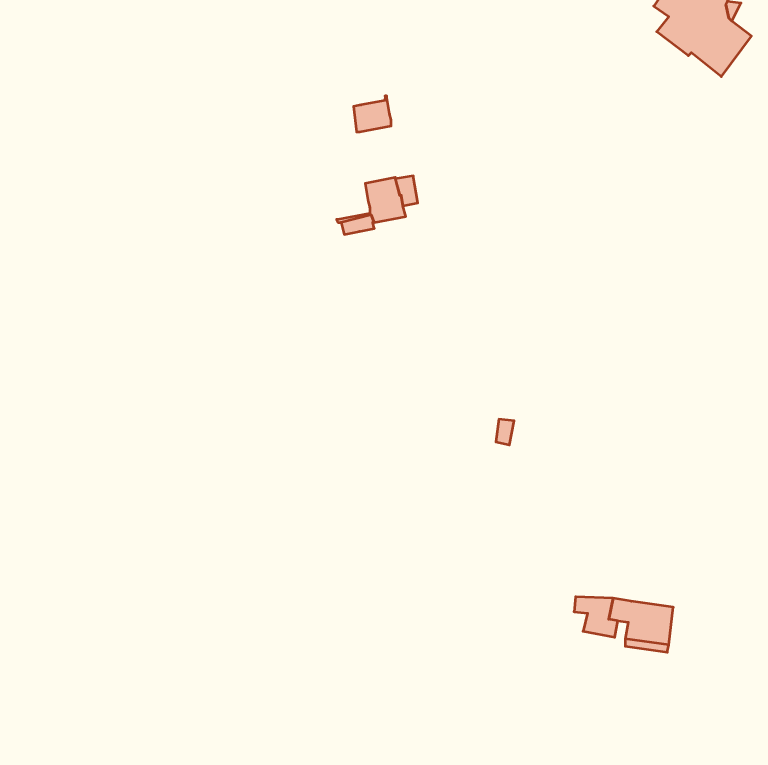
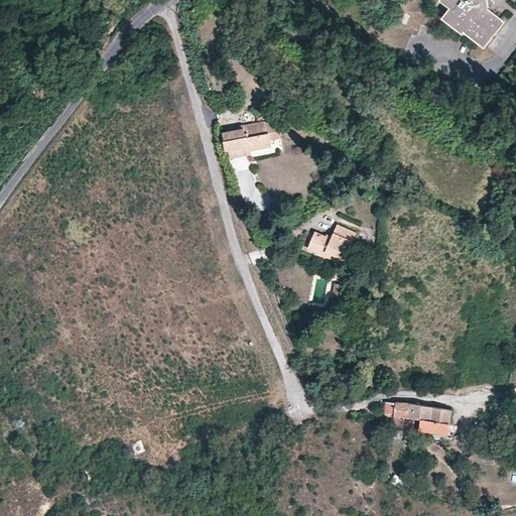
building: [354,96,391,132] -> [223,123,248,147]
building: none -> [306,225,354,264]

